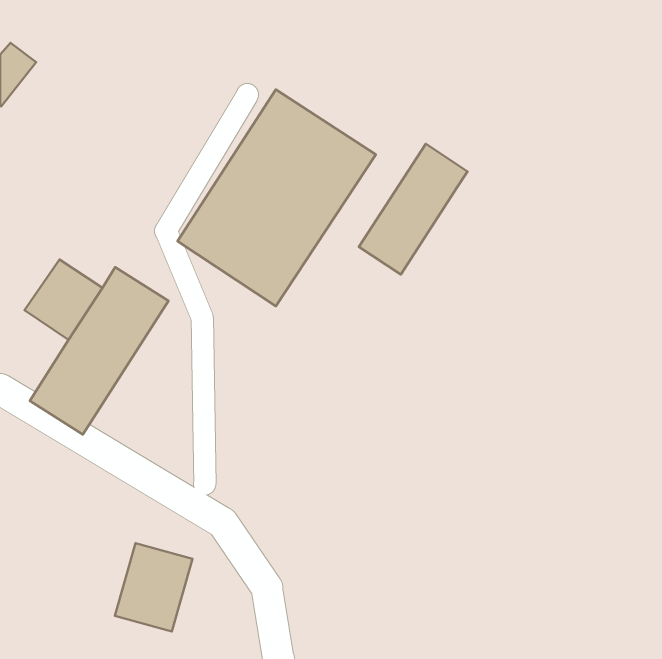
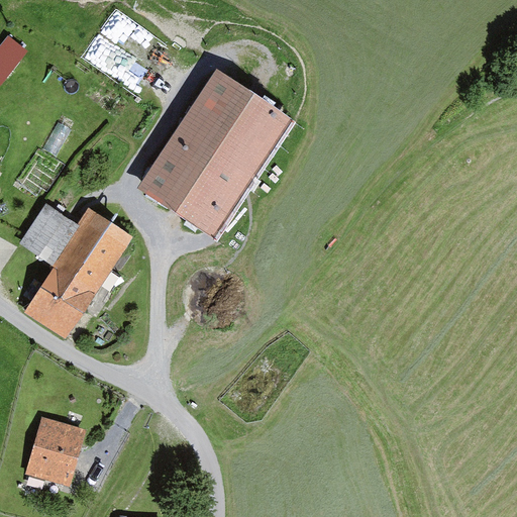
building: [359,144,468,274] -> none
building: [115,543,193,631] -> [26,415,87,484]

